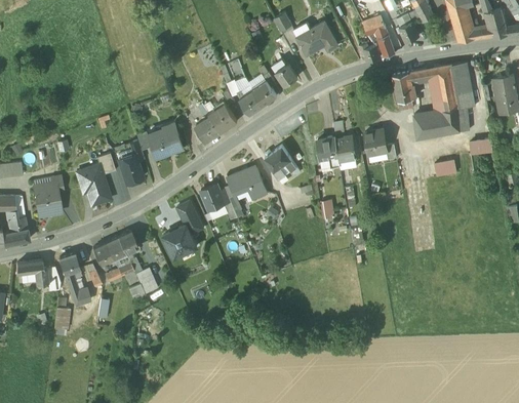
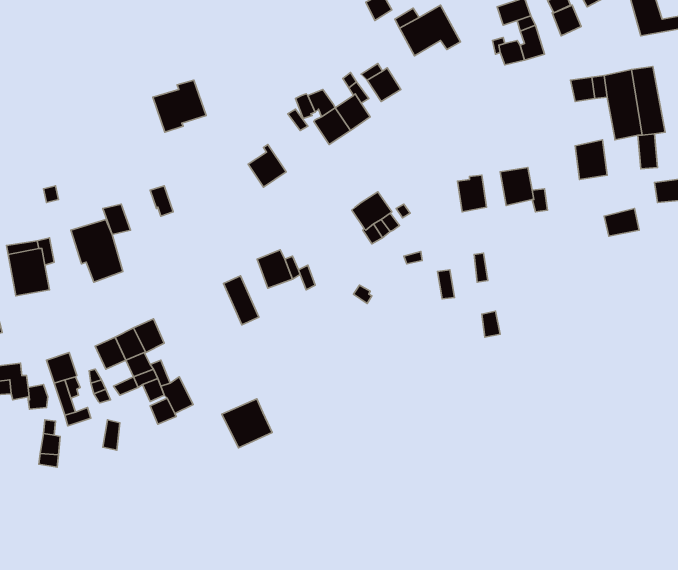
building: [392,71,414,100] -> none
building: [208,103,237,132] -> none
building: [433,108,458,134] -> none
building: [147,124,183,159] -> [153,80,206,132]
building: [317,136,340,168] -> none
building: [119,156,143,184] -> none
building: [228,167,267,198] -> none
building: [163,226,197,258] -> [222,399,272,448]

